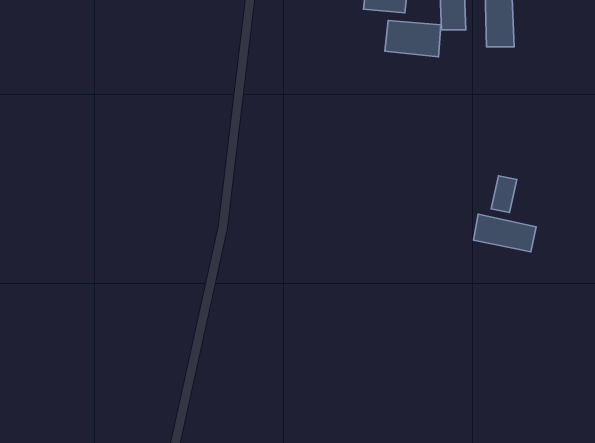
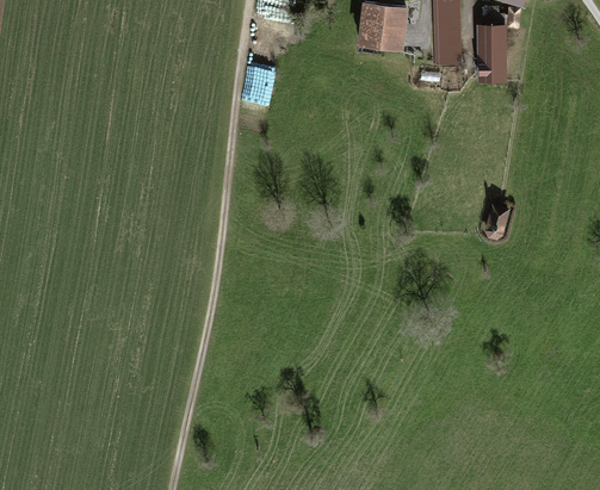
building: [385,20,441,57] -> none
building: [474,214,536,252] -> none

